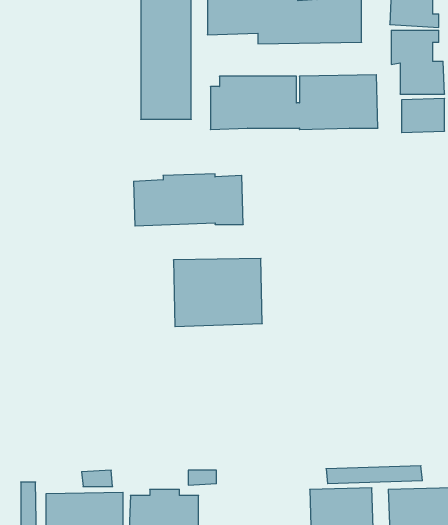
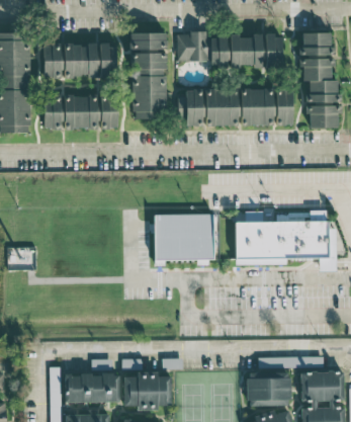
building: none -> [43,45,116,79]
building: [134,174,243,226] -> [43,95,118,131]
building: none -> [236,210,337,272]

